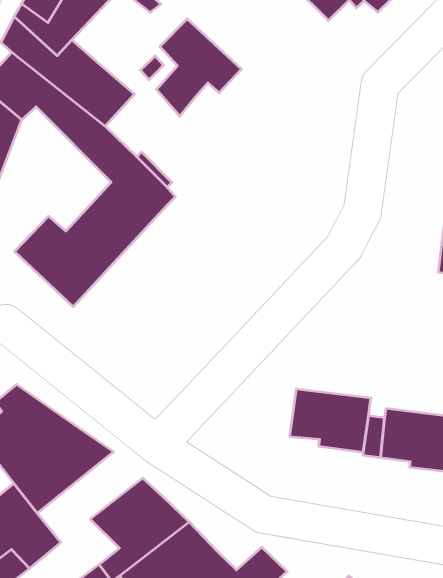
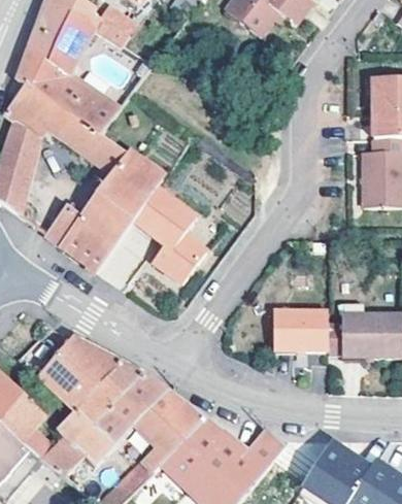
building: [156,19,241,116] -> none
building: none -> [132,186,205,281]
building: none -> [91,375,166,448]

